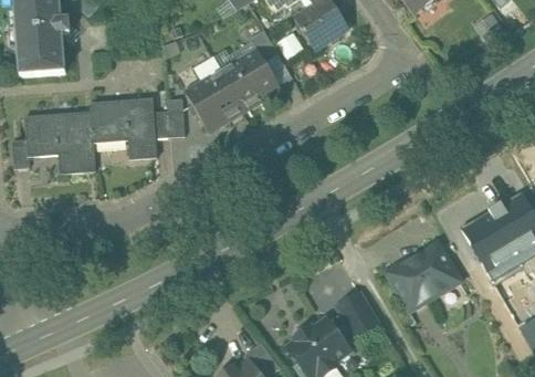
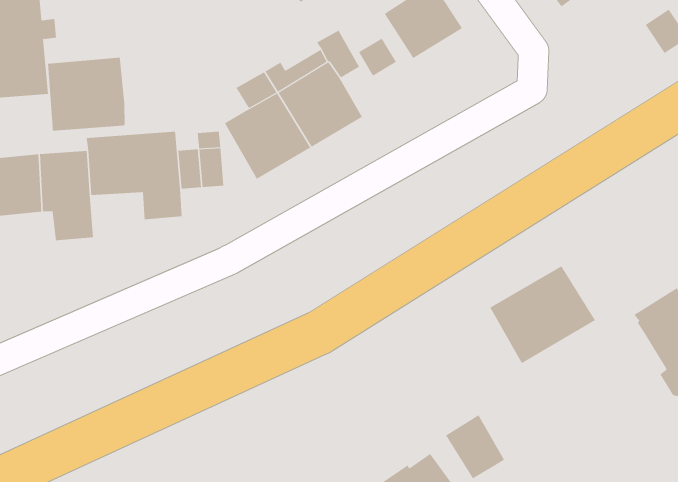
building: none -> [48,57,125,131]
building: [387,243,460,311] -> [489,266,596,364]

